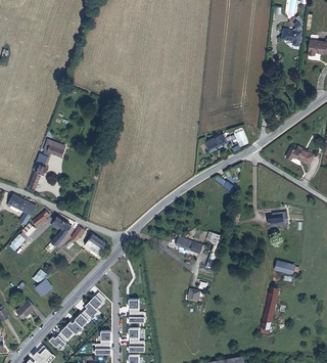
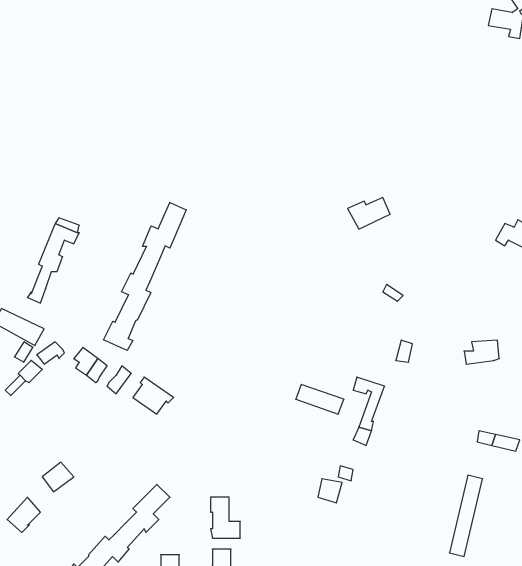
building: none -> [104,202,186,350]

